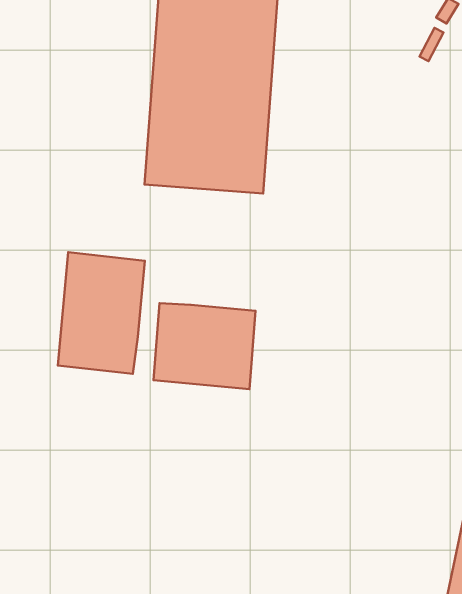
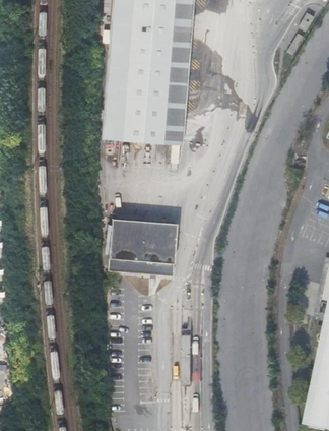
building: [58,252,145,374] -> none

